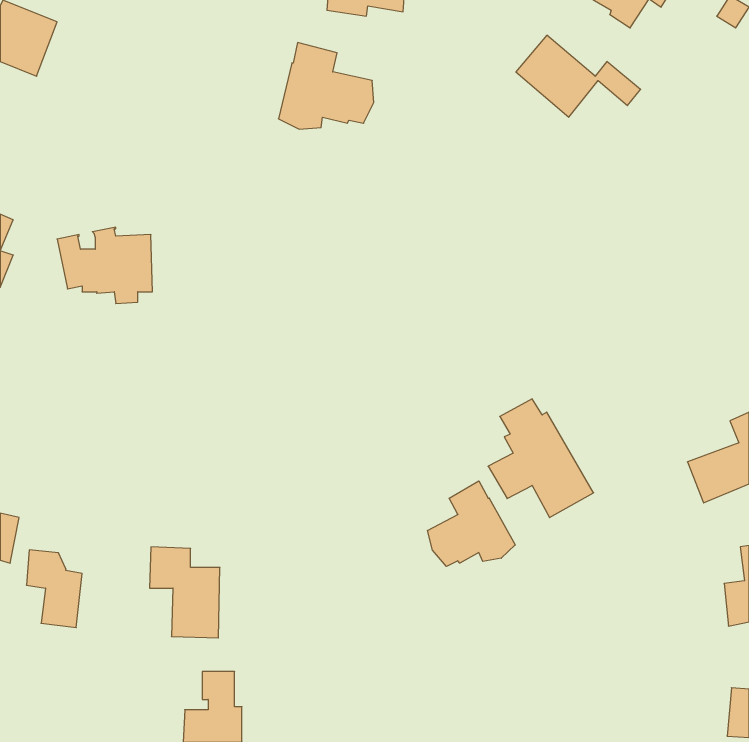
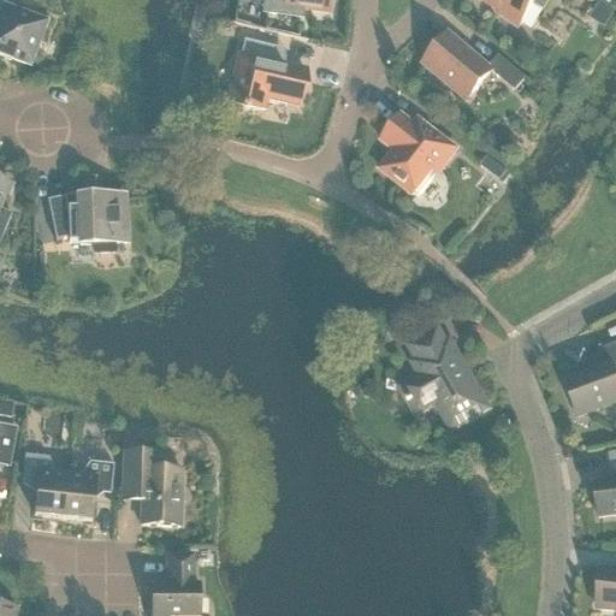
building: none -> [379,111,456,190]
building: [428,481,515,566] -> none
building: none -> [63,457,113,519]

